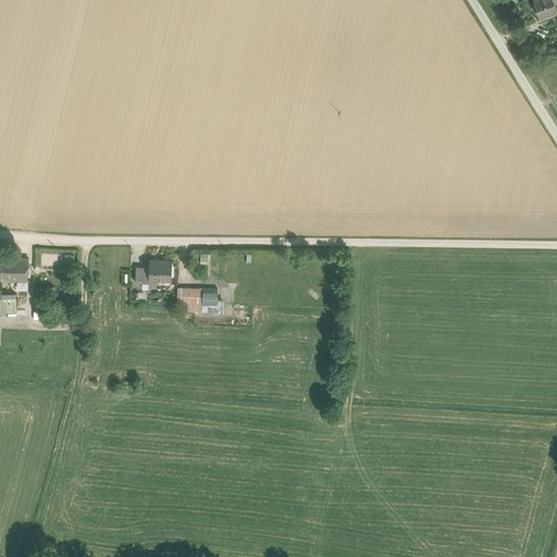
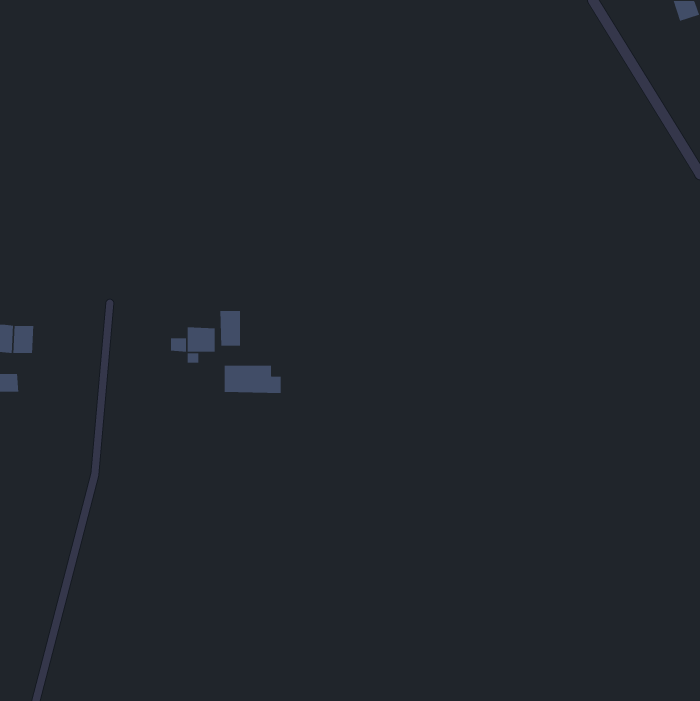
building: none -> [219,310,241,347]

